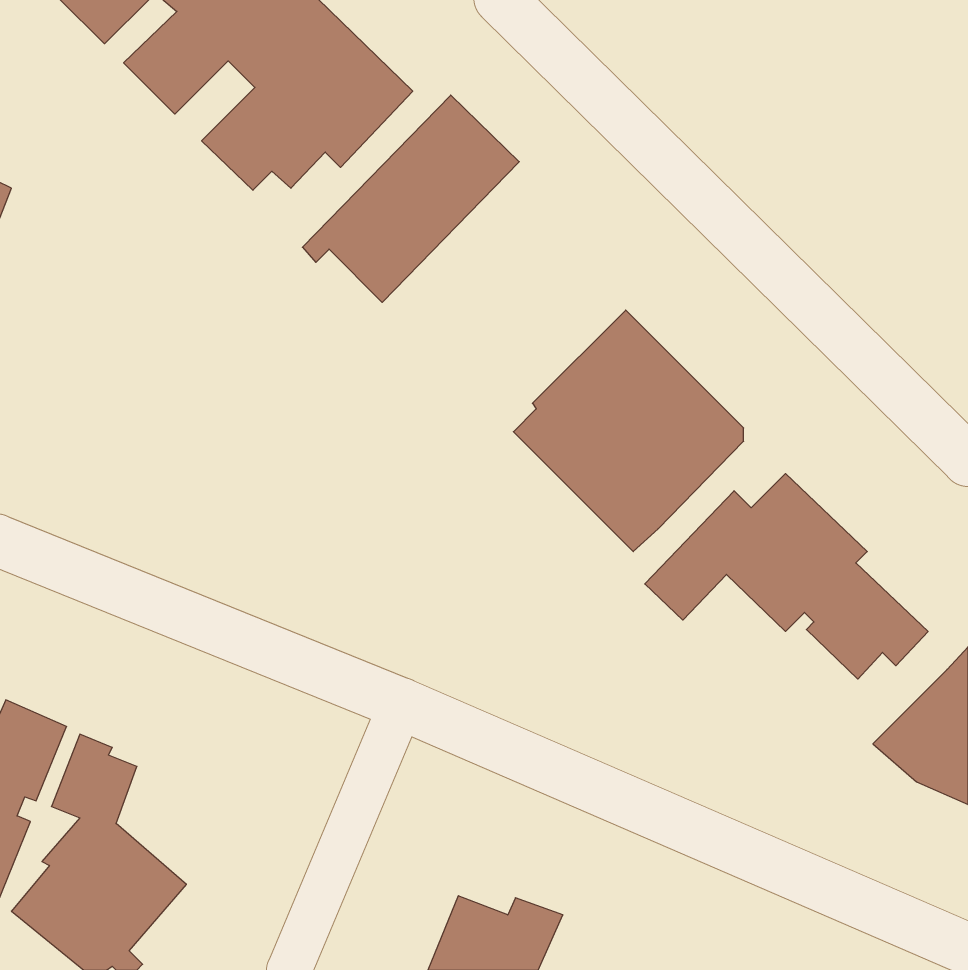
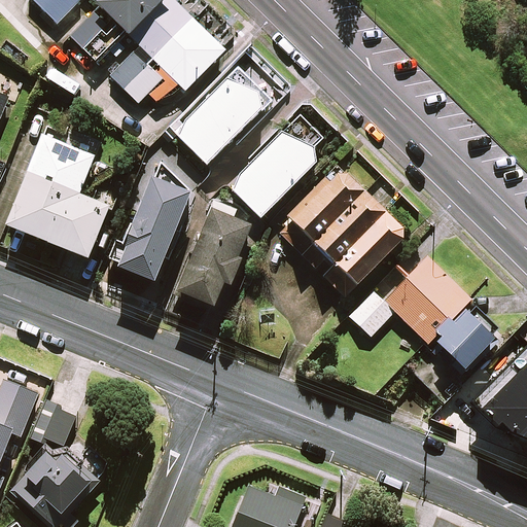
building: none -> [232,114,323,216]
building: none -> [6,134,108,256]
building: none -> [119,177,190,279]
building: none -> [178,208,256,305]

